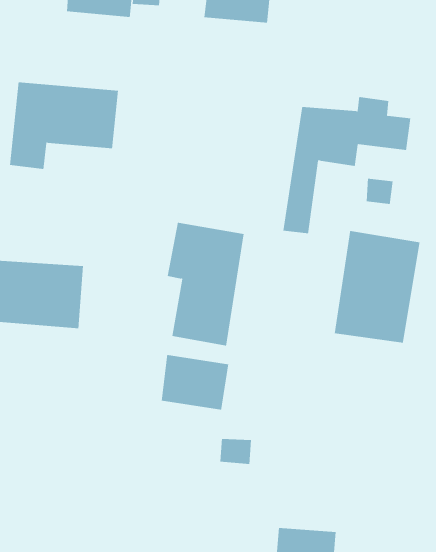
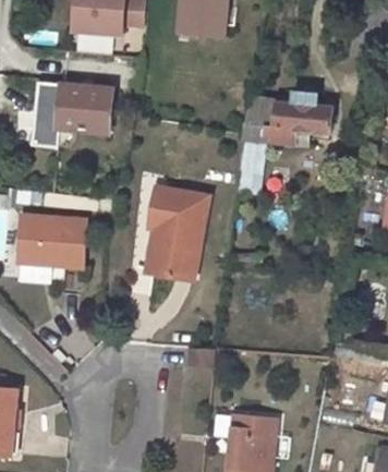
building: [334,230,420,343] -> none
building: [161,354,229,410] -> none

